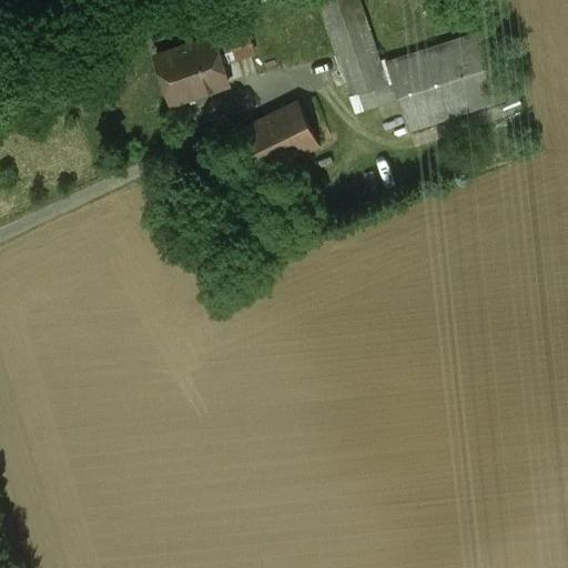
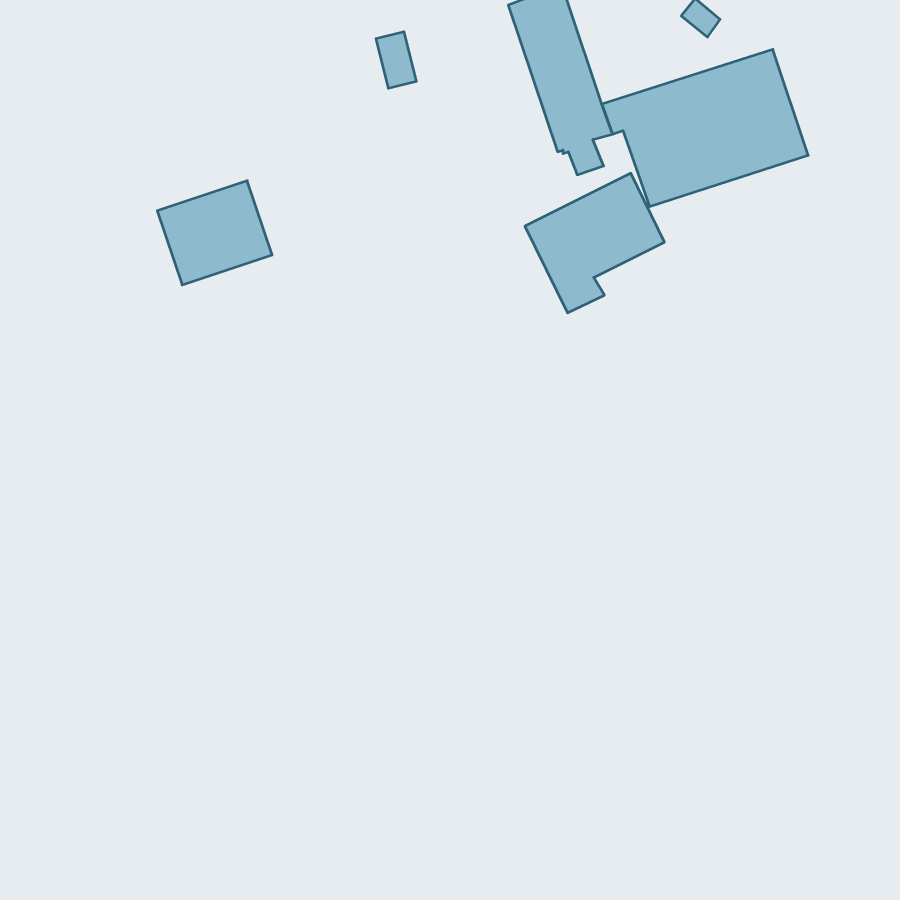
building: [155,38,227,103] -> [157,181,272,285]
building: [231,101,318,189] -> [525,173,664,313]

